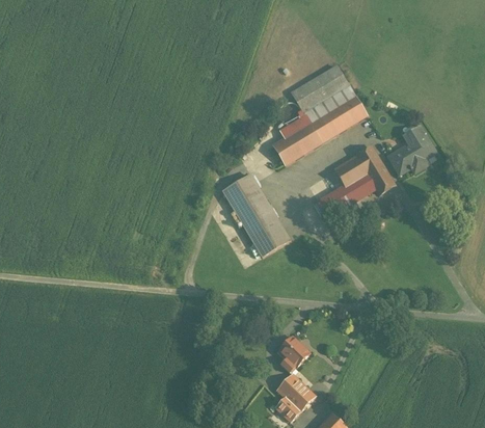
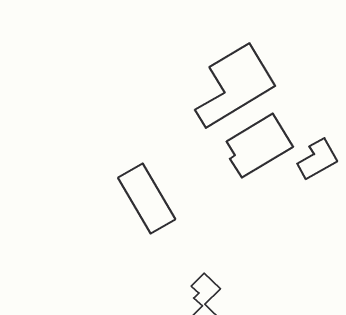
building: [389,123,438,172] -> [297,138,337,179]
building: [223,171,293,257] -> [118,163,175,234]

